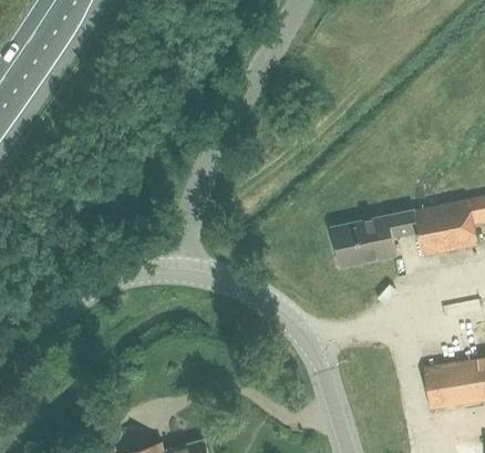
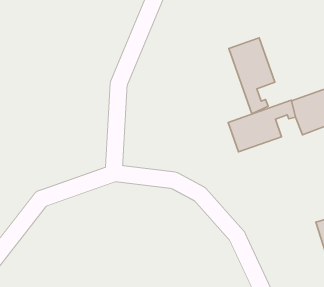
building: none -> [229,38,275,114]

